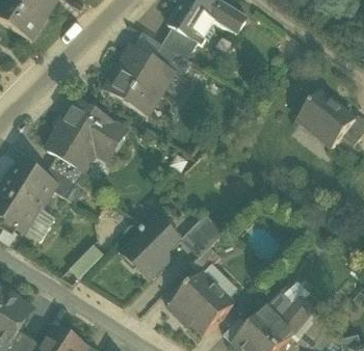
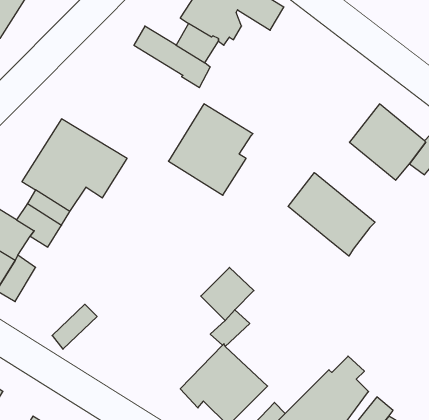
building: [105,45,170,114] -> [168,104,253,195]
building: none -> [288,173,375,256]
building: [121,216,180,280] -> none

